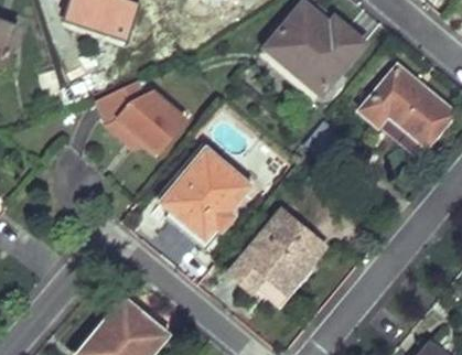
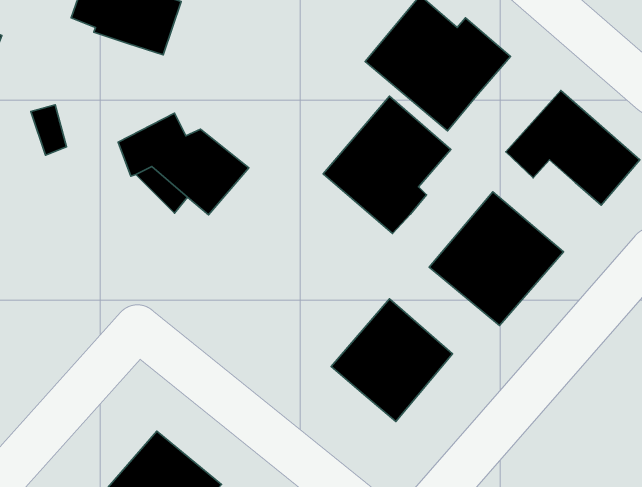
building: none -> [429,192,563,325]
building: [161,148,248,241] -> [323,96,451,234]
building: [226,254,286,304] -> none

